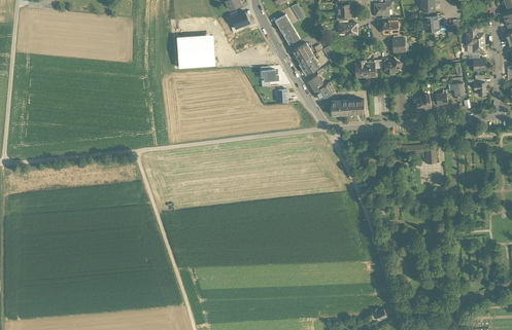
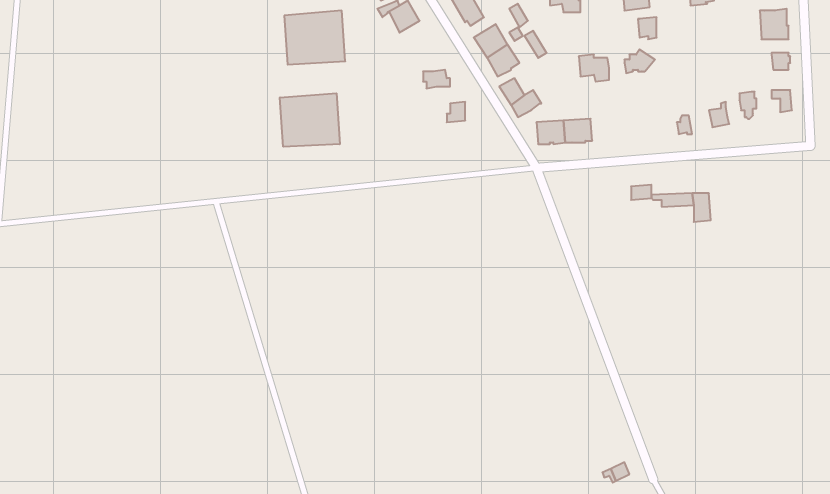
building: none -> [280,93,340,147]

